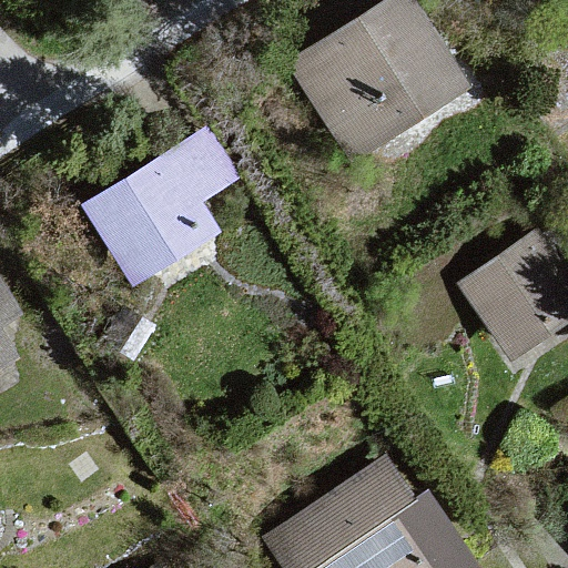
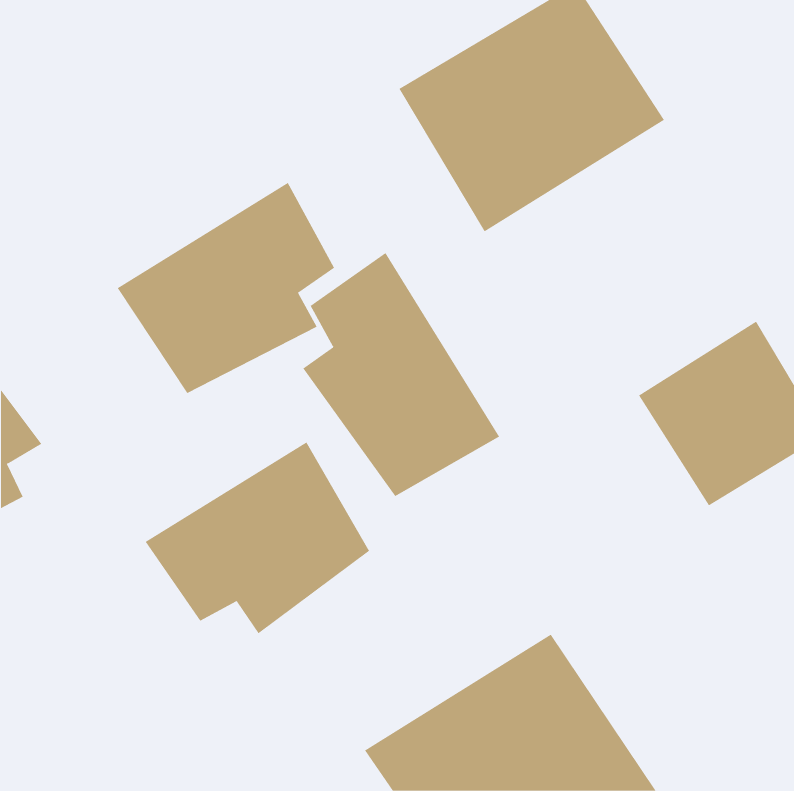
building: none -> [302,252,500,497]
building: none -> [145,442,370,634]

